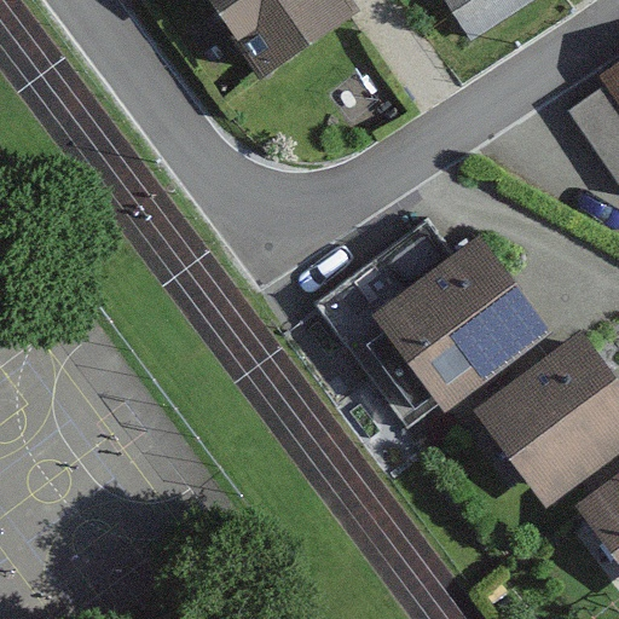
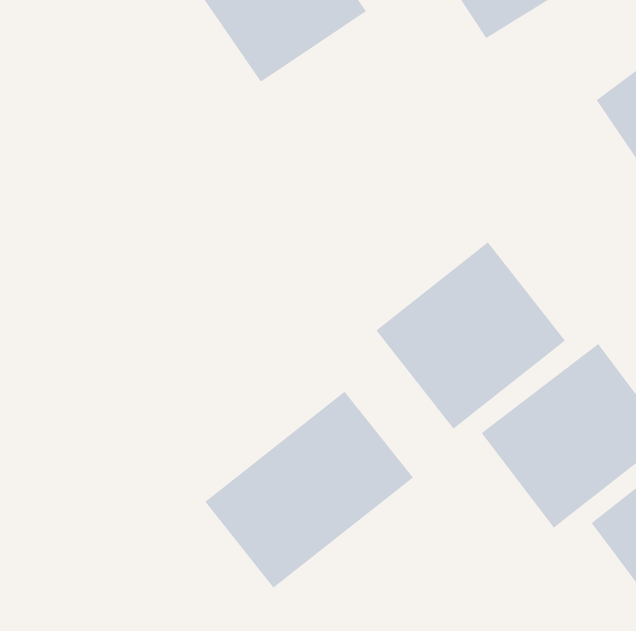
building: none -> [204,391,414,589]

